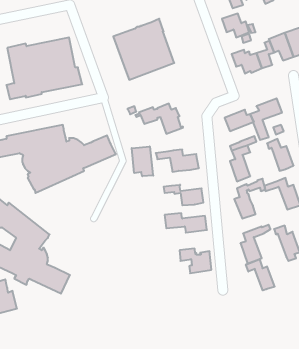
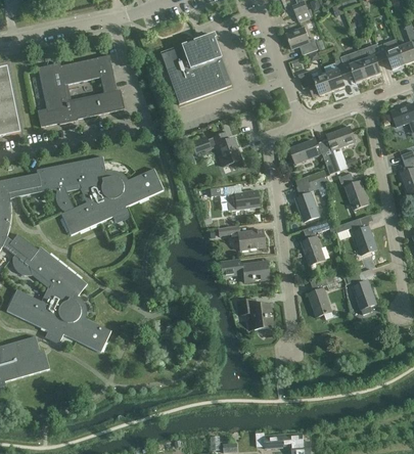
building: [132,146,153,176] -> none
building: [246,259,275,290] -> none

